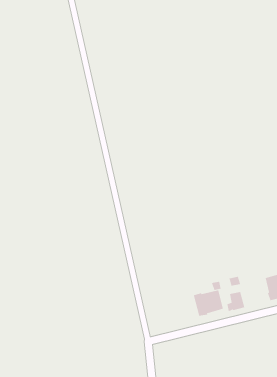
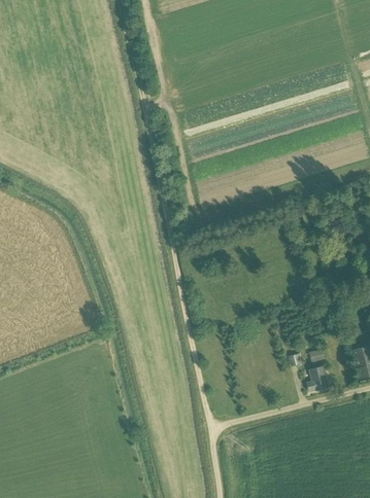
building: [193,290,223,317] -> none

